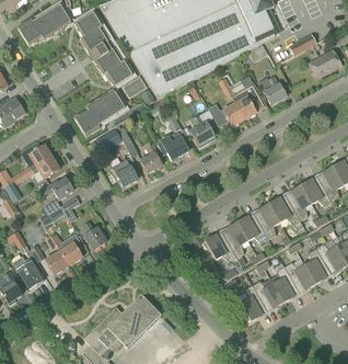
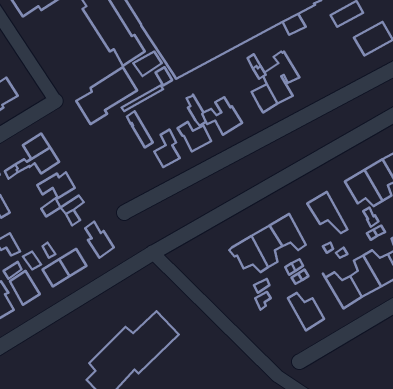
building: [258,75,287,104] -> none
building: [113,137,138,186] -> none
building: [286,184,312,225] -> none
building: [254,203,280,238] -> none
building: [274,262,300,300] -> none
building: [237,283,268,319] -> none

